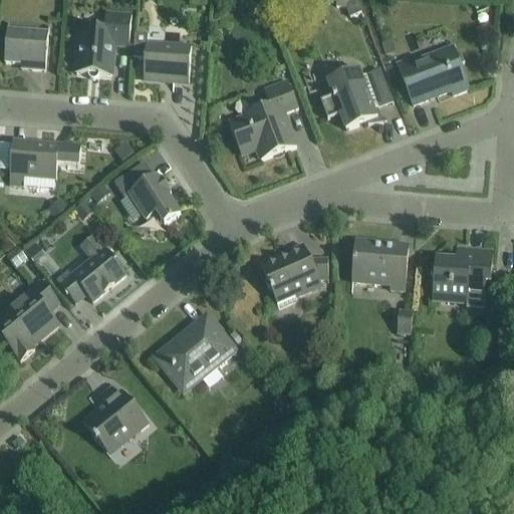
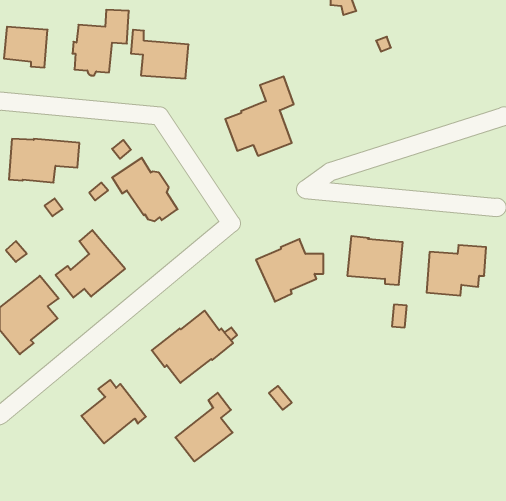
building: [397,44,468,102] -> none
building: [320,65,391,127] -> none
building: none -> [175,393,233,461]

